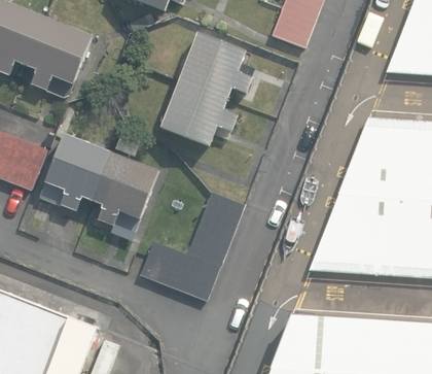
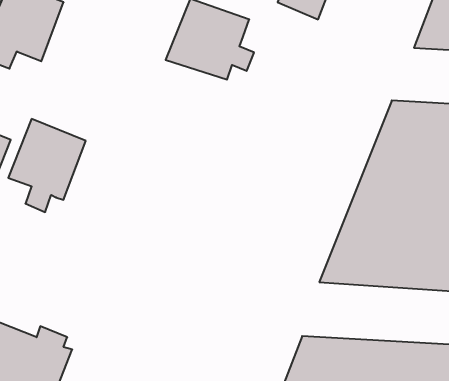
building: [161,83,240,146] -> none
building: [93,151,160,227] -> none
building: [140,193,246,302] -> none

